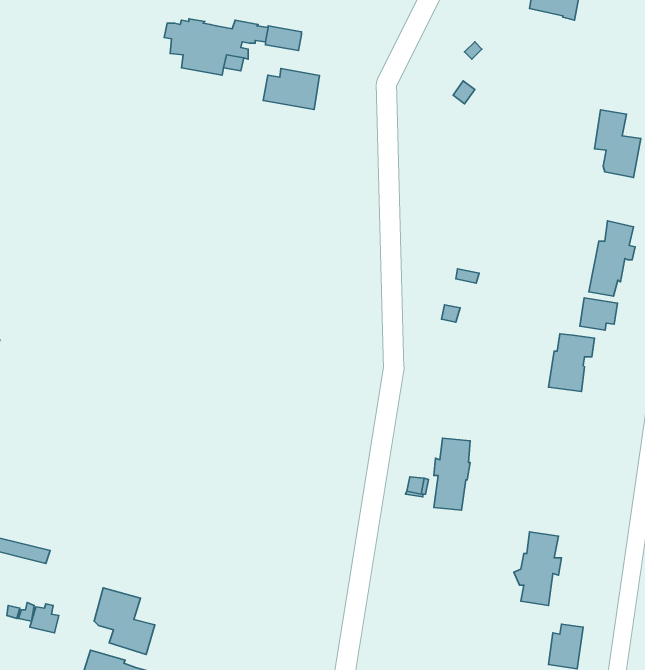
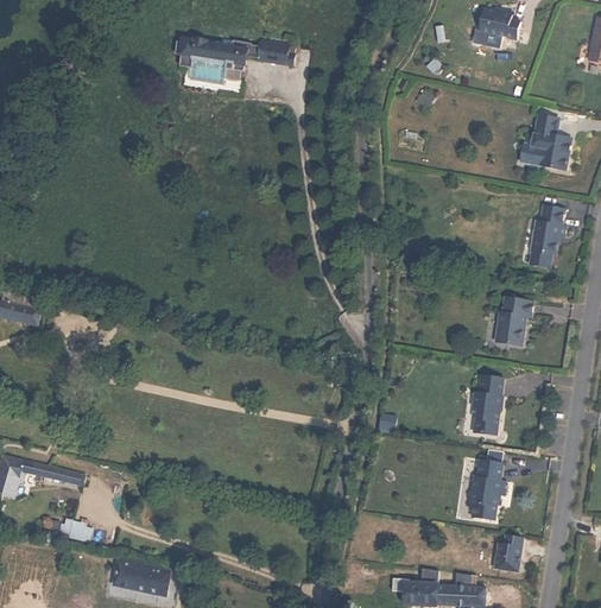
building: [263,69,320,110] -> none
building: [580,298,618,330] -> none
building: [434,438,470,510] -> [473,375,502,435]
building: [94,588,155,655] -> none

